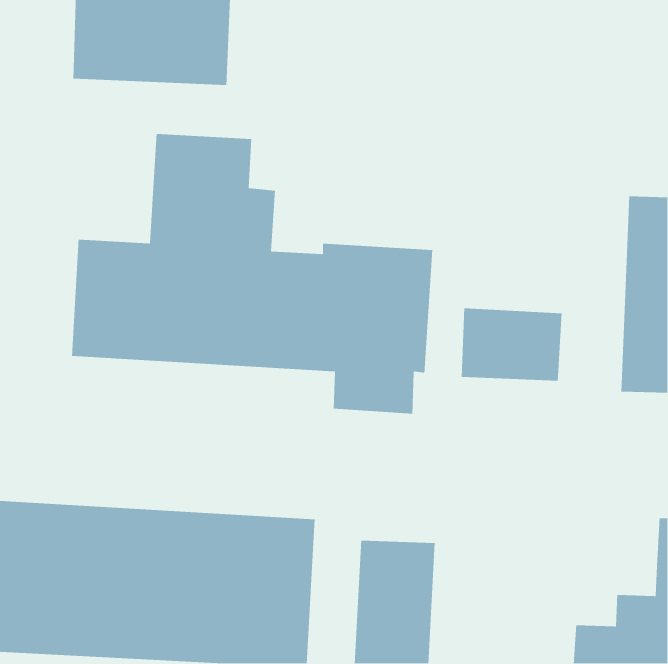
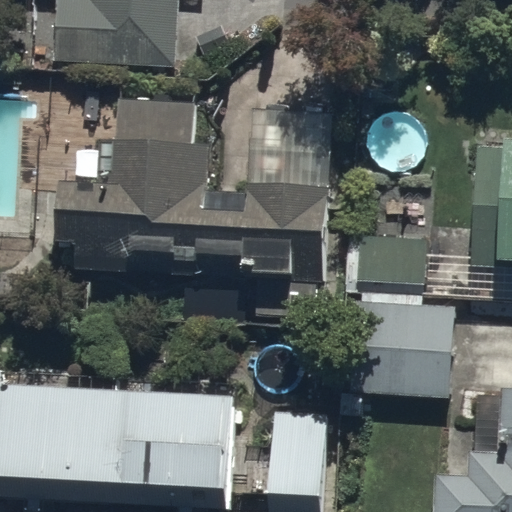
building: none -> [351,303,453,392]

